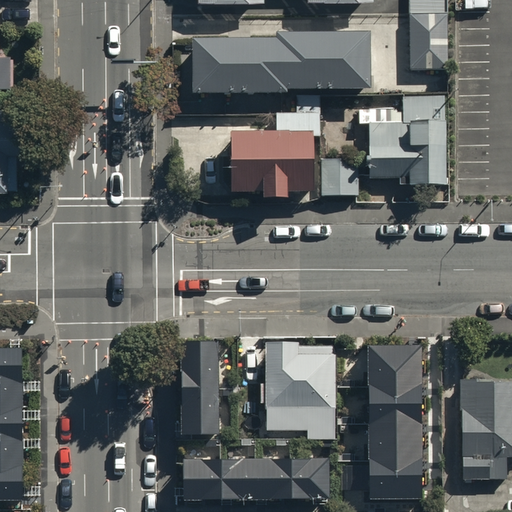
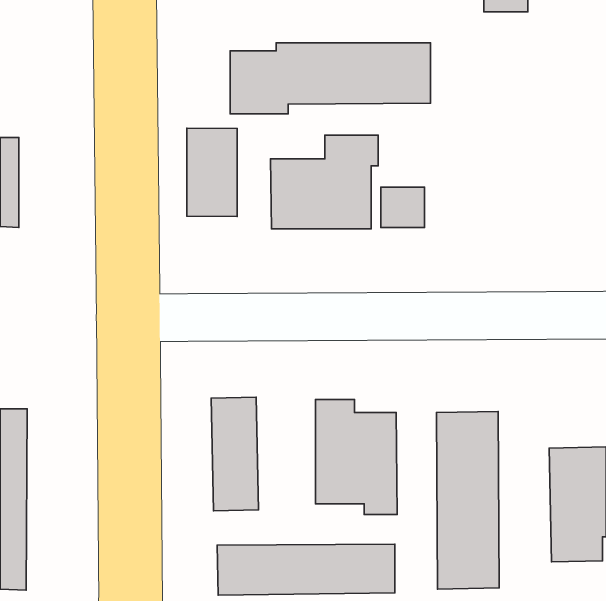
building: [408,12,448,65] -> none
building: [365,99,443,184] -> none
building: none -> [187,128,237,216]

